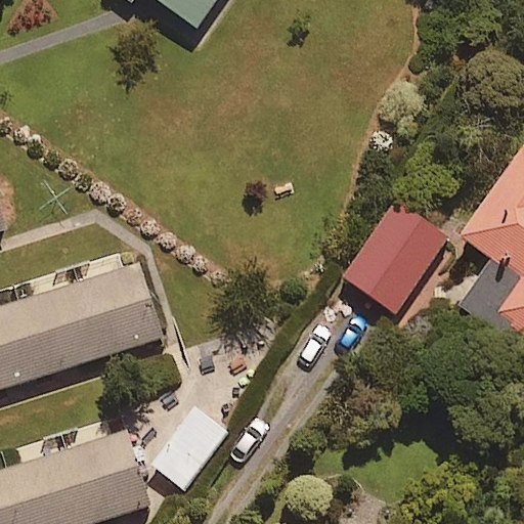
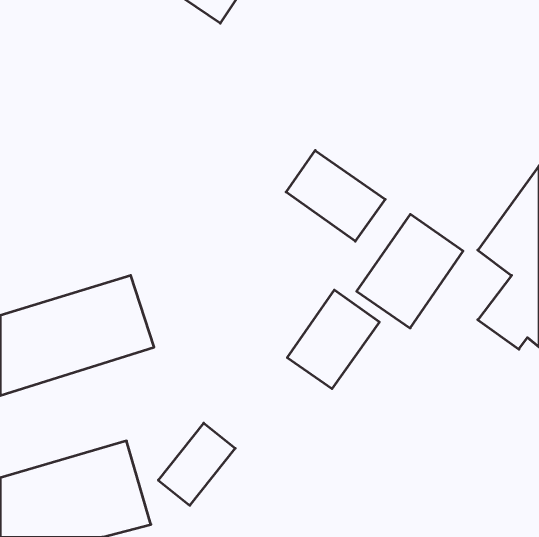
building: none -> [286,150,385,241]
building: none -> [287,290,379,389]

